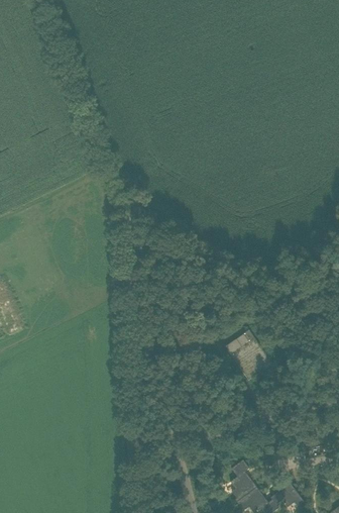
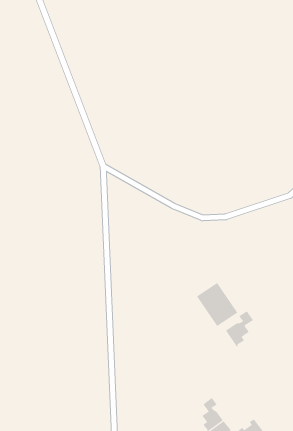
building: none -> [225,310,254,348]

